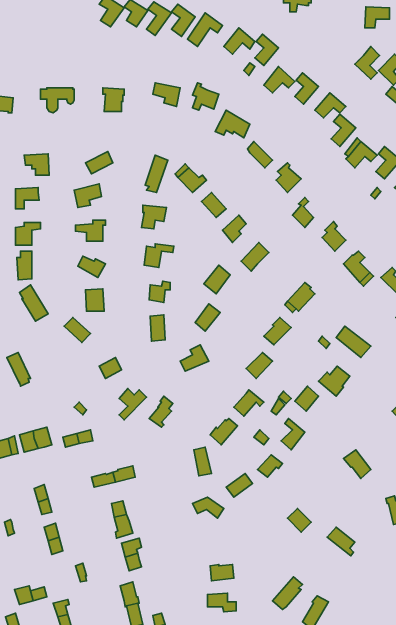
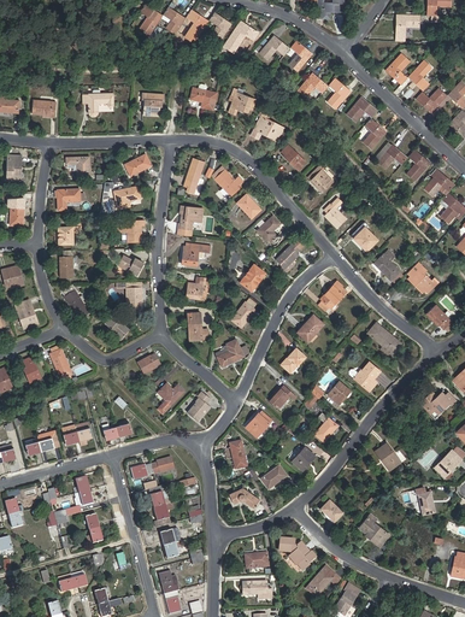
building: none -> [279,537,314,571]

